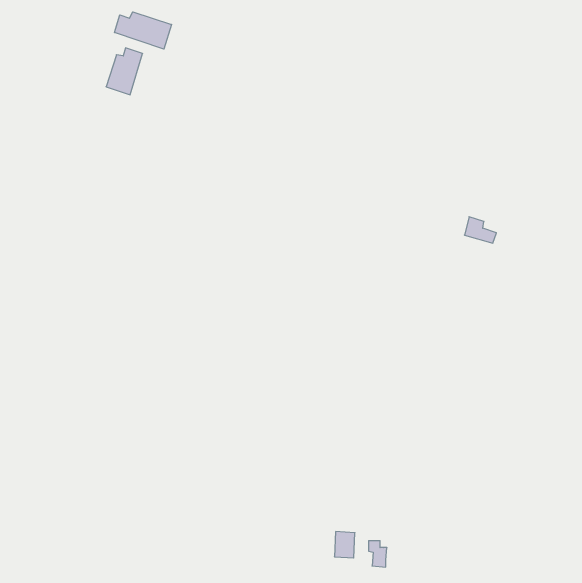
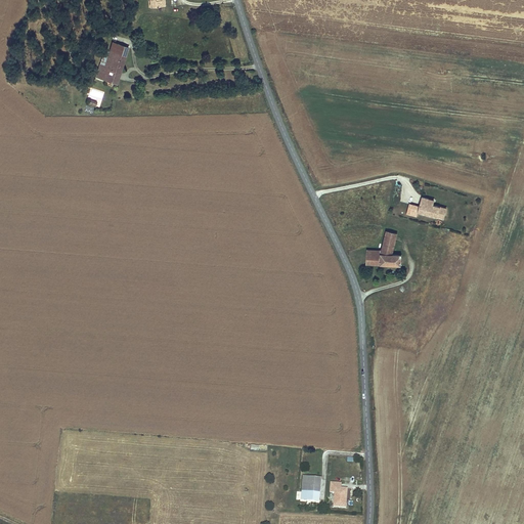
building: [115,12,172,49] -> none
building: none -> [365,230,401,266]

